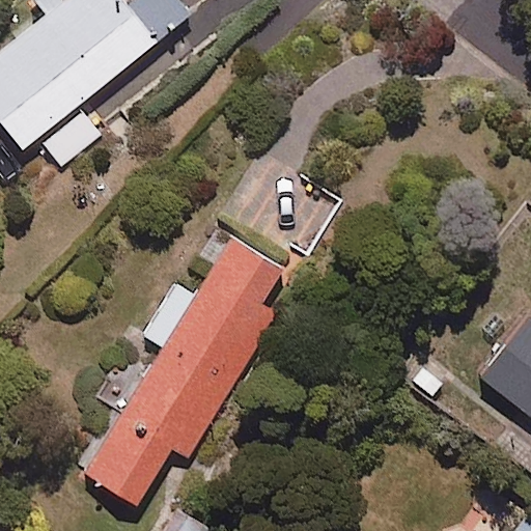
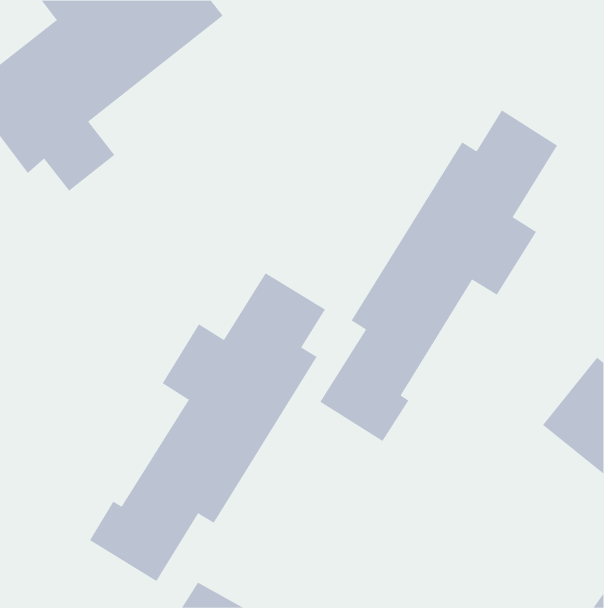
building: none -> [320,109,558,442]

